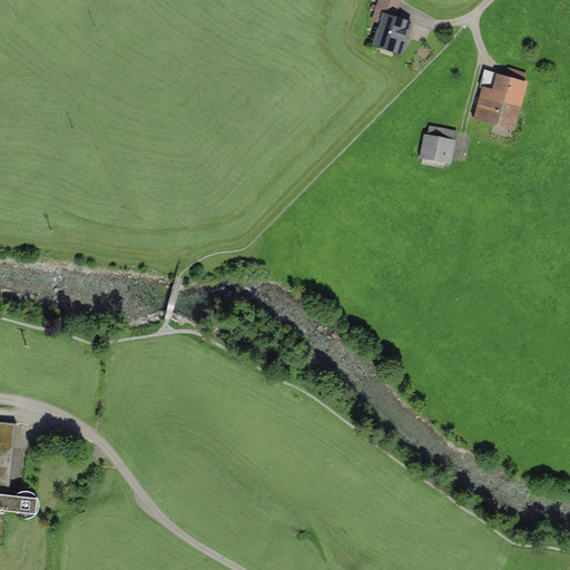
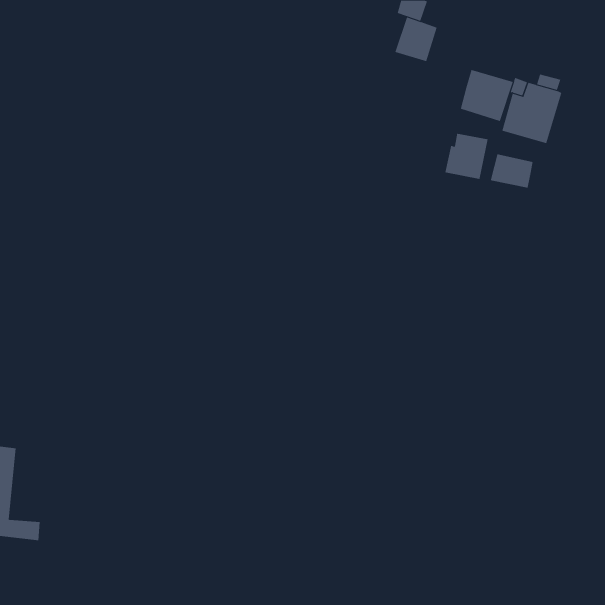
building: none -> [460,69,513,122]
building: none -> [490,153,533,188]

